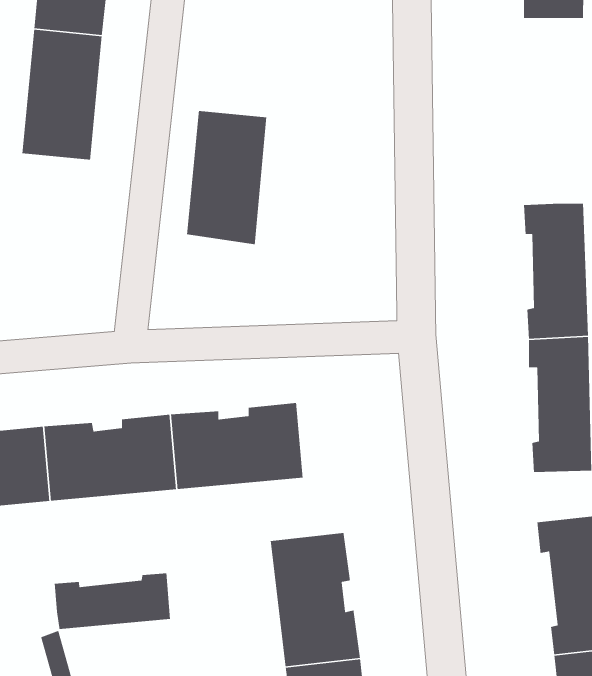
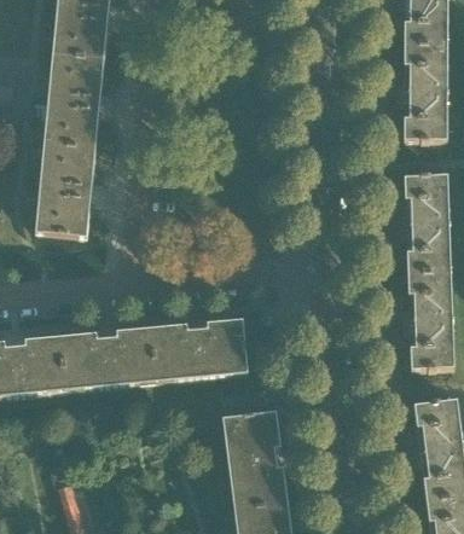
building: none -> [404,43,447,140]
building: [186,110,267,245] -> [36,140,94,237]
building: [54,573,171,630] -> none

